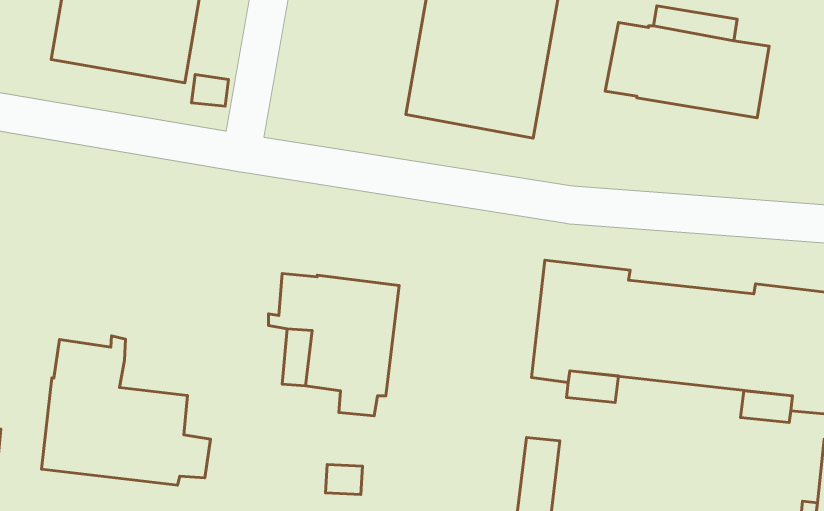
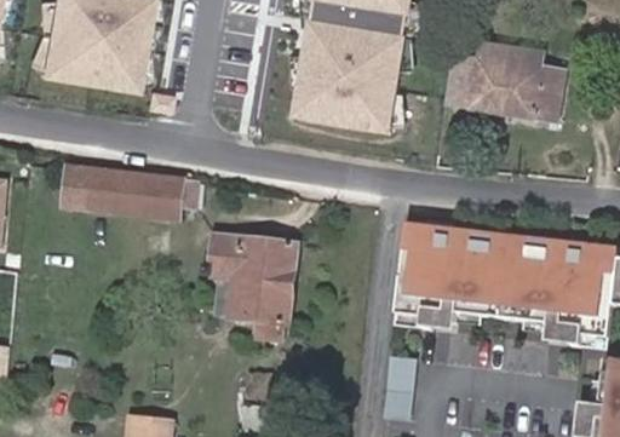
building: none -> [62,165,194,215]
building: [41,336,210,485] -> none

